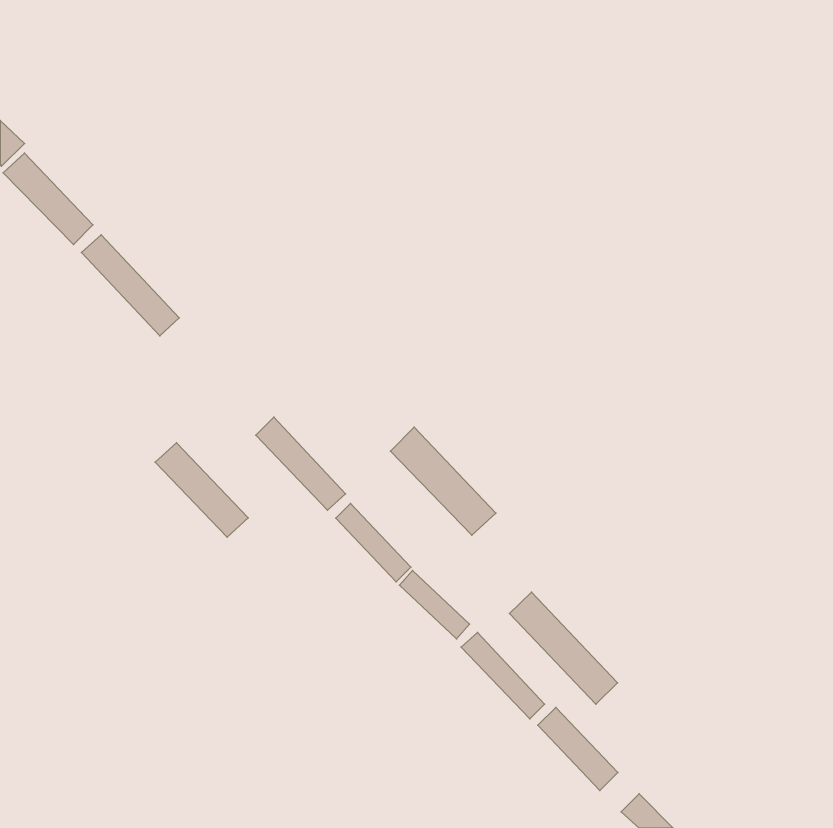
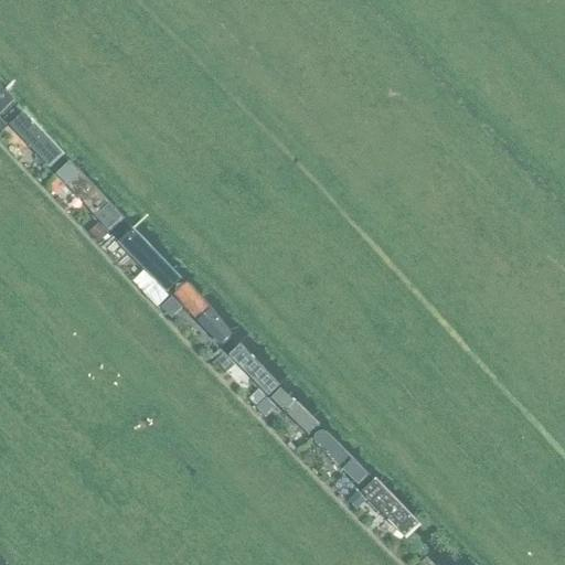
building: [390,427,496,535] -> none
building: [155,443,248,537] -> [119,226,182,290]
building: [510,592,618,704] -> none

